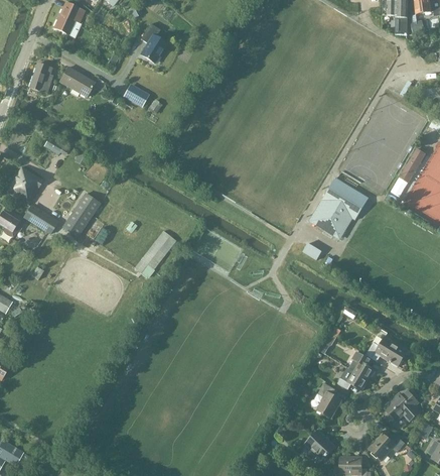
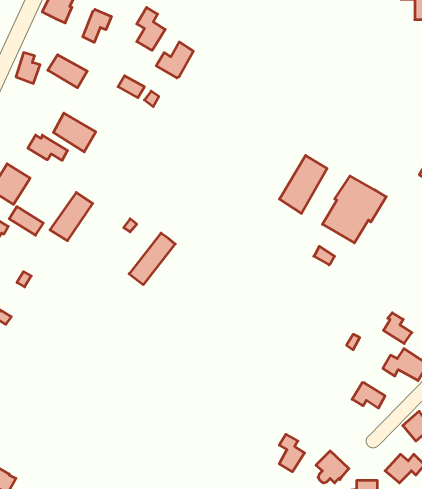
building: none -> [83,9,111,42]
building: none -> [156,42,193,78]
building: none -> [53,113,96,152]
building: none -> [279,155,327,213]
building: [349,351,376,379] -> [383,313,412,344]
building: [318,382,341,416] -> [279,434,305,472]

